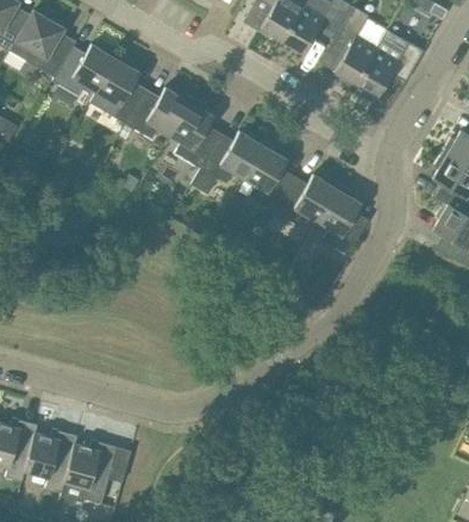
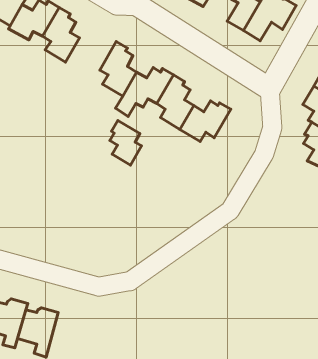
building: [125,87,190,139] -> none
building: [317,185,365,255] -> none
building: none -> [110,121,141,165]

